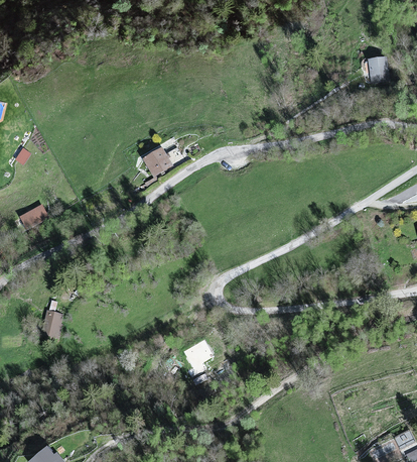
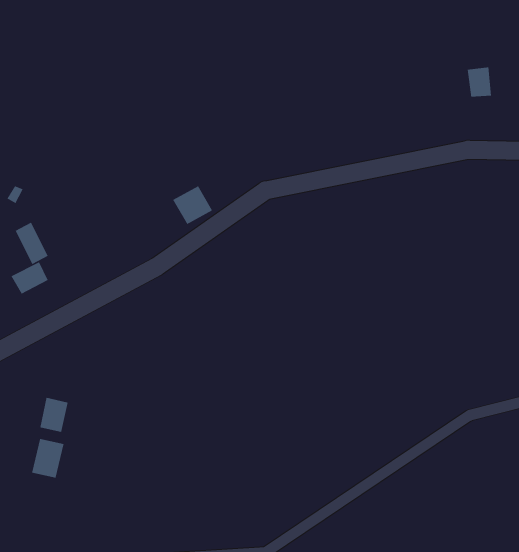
building: none -> [15,222,48,265]
building: none -> [32,438,64,479]

